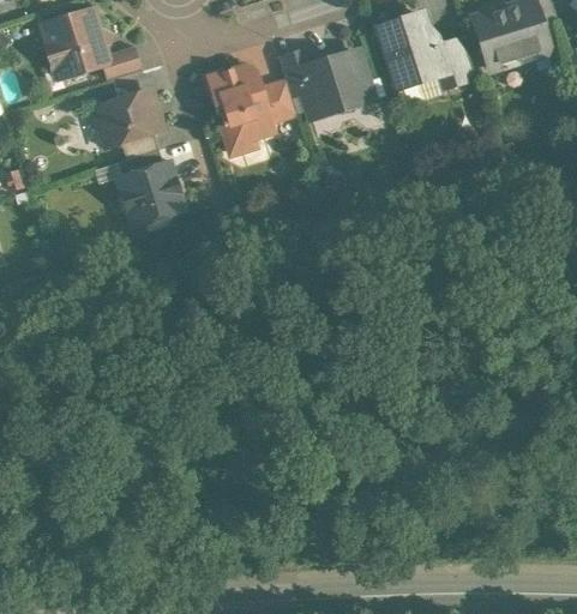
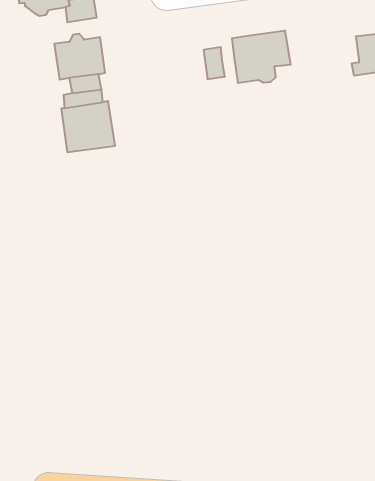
building: [378,12,444,80] -> none
building: [278,49,312,95] -> none
building: [204,66,266,150] -> none

